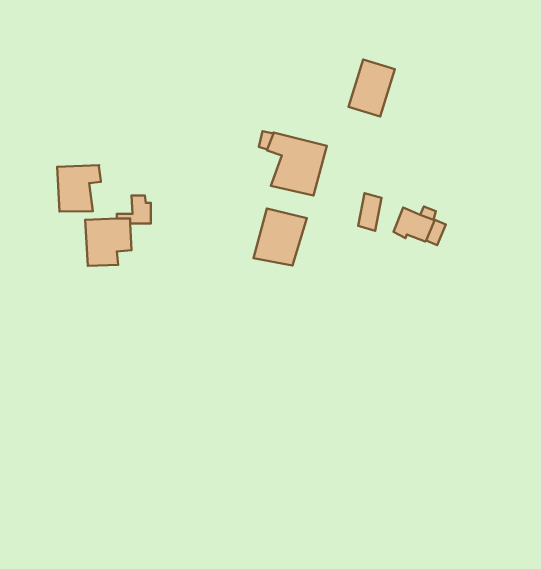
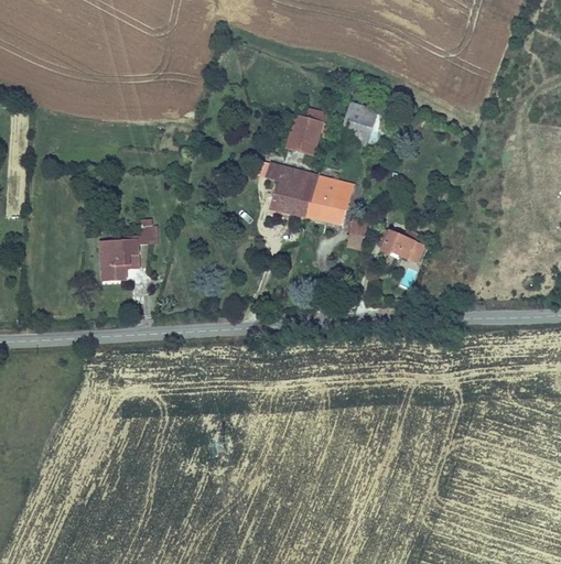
building: none -> [284,104,333,156]
building: [57,165,101,212] -> none
building: [254,208,307,266] -> [306,173,355,225]

